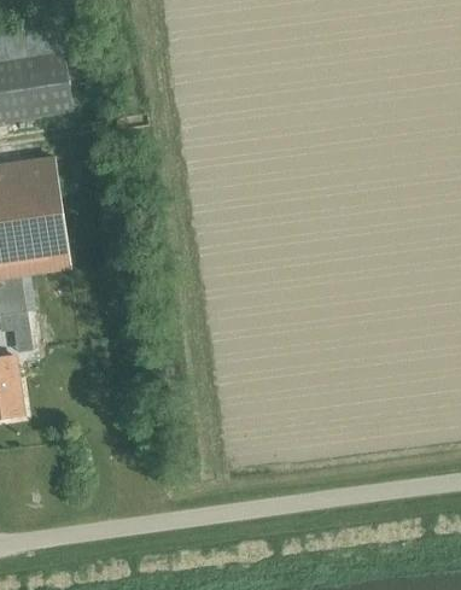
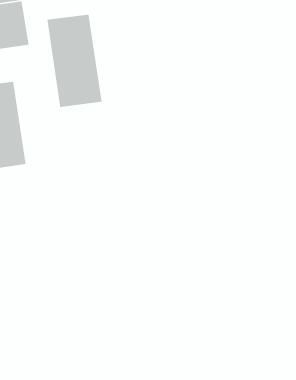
building: none -> [47,14,102,108]

